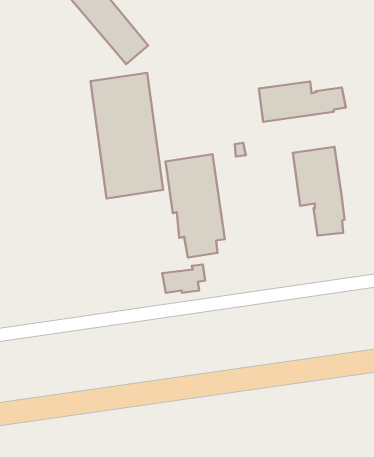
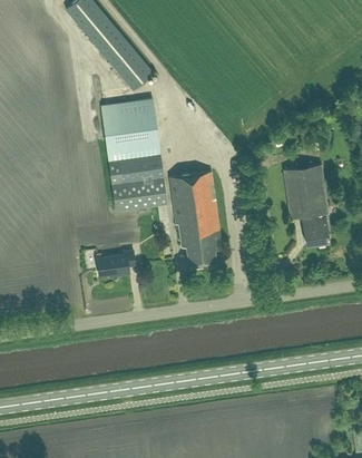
building: [259,81,346,122] -> none
building: [162,265,205,293] -> [96,251,135,276]

